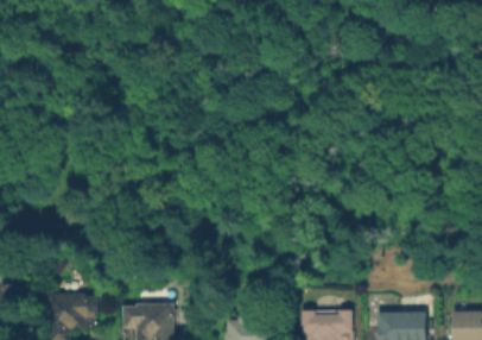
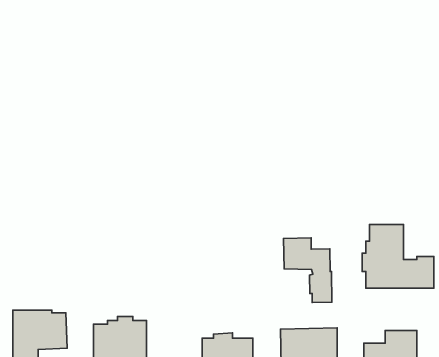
building: none -> [362,225,434,288]
building: none -> [284,238,332,302]

